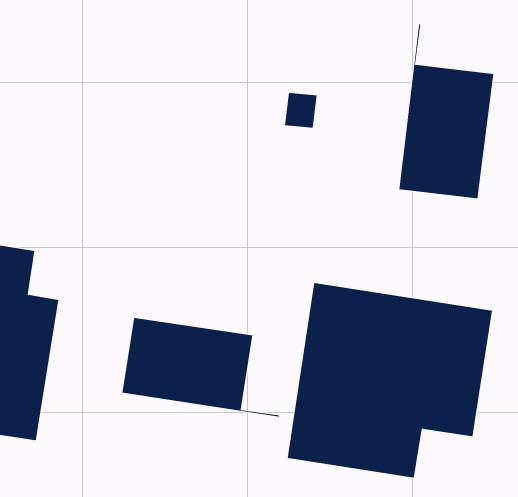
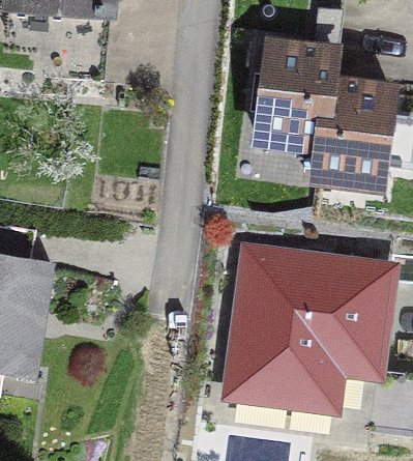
building: none -> [256,45,329,181]
building: [122,317,280,418] -> none

